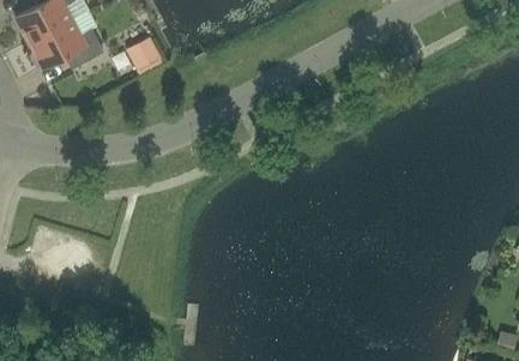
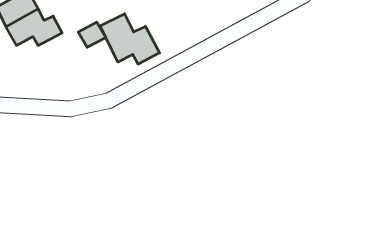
building: none -> [100,14,160,64]

